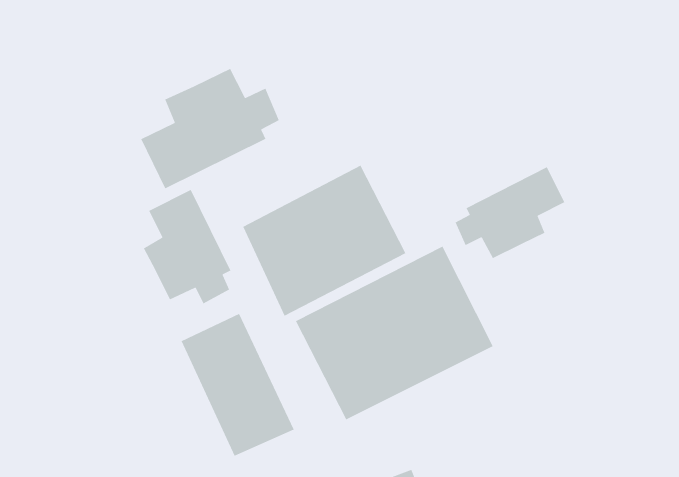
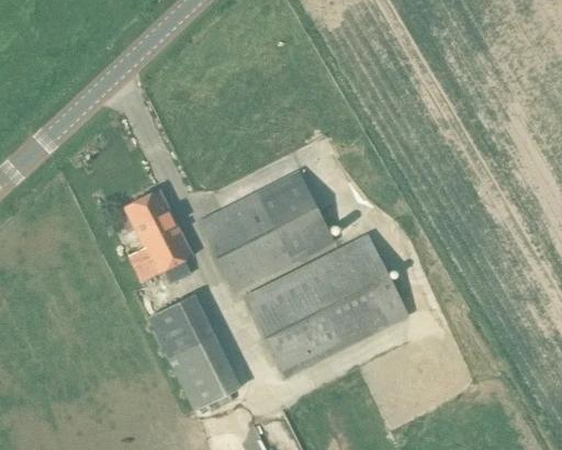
building: [140,68,280,189] -> none
building: [455,166,565,259] -> none

